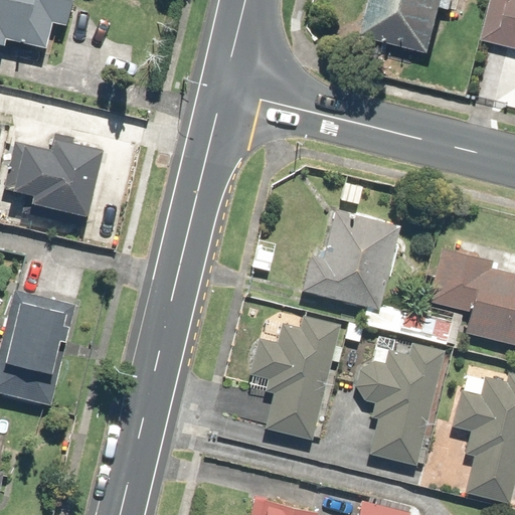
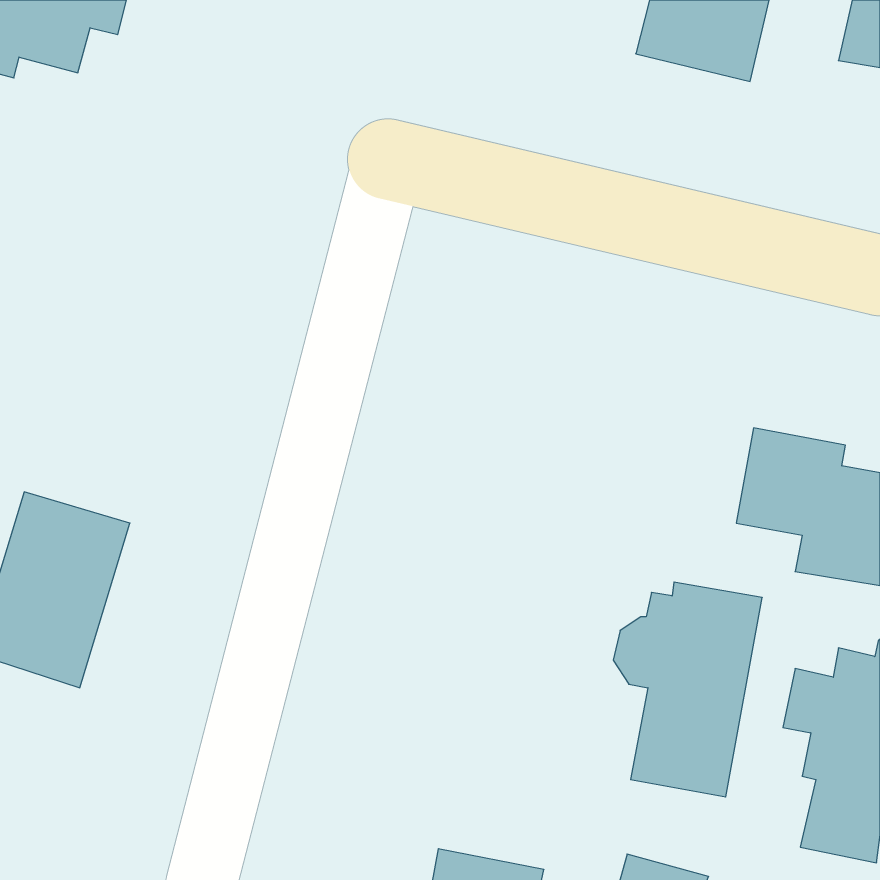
building: [20,138,104,212] -> none
building: [302,204,400,333] -> none
building: [252,320,338,440] -> none

